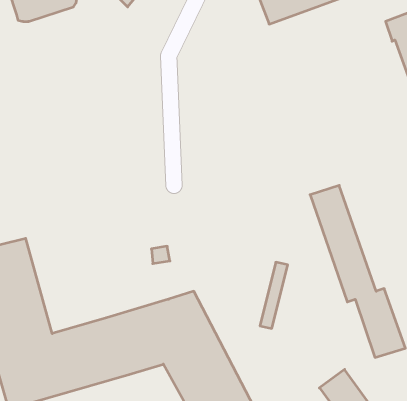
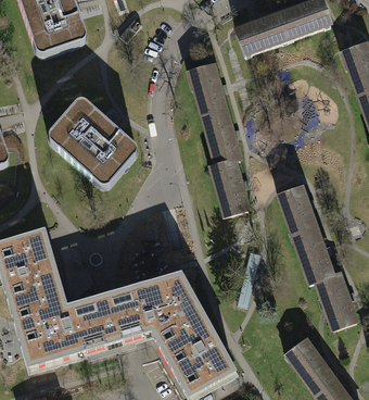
building: none -> [187,63,249,214]
building: none -> [50,97,138,184]

